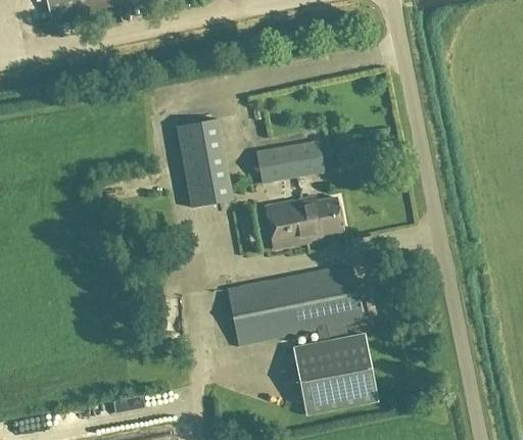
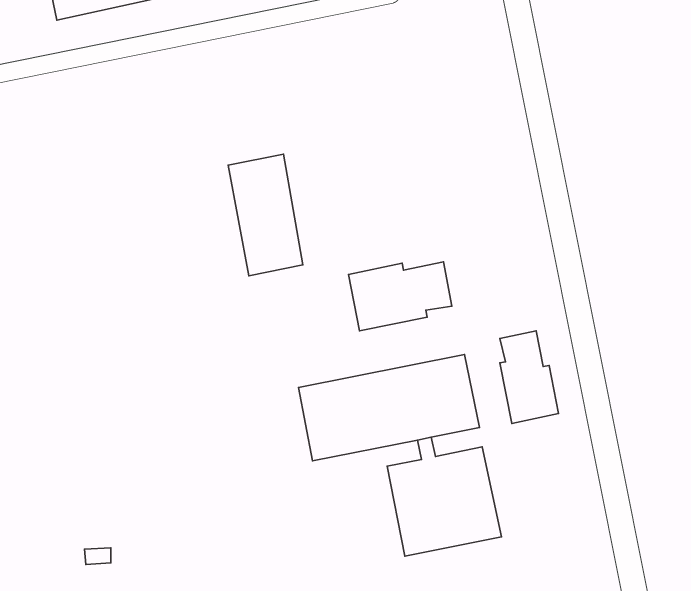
building: [255,140,323,181] -> none
building: none -> [500,331,559,423]

